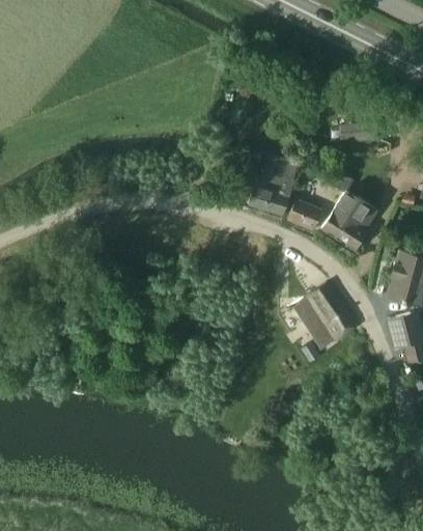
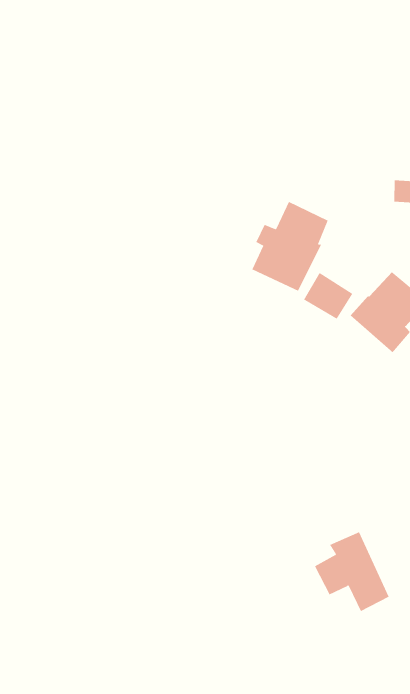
building: [300,284,356,340] -> [314,532,390,612]

